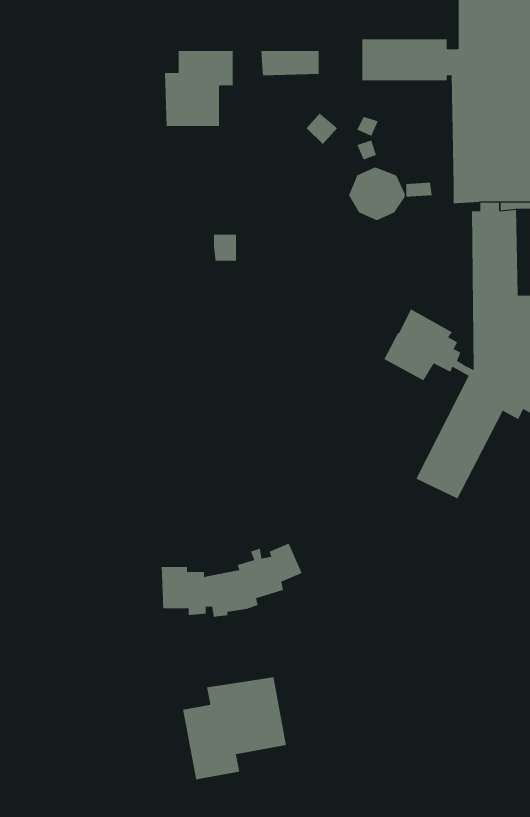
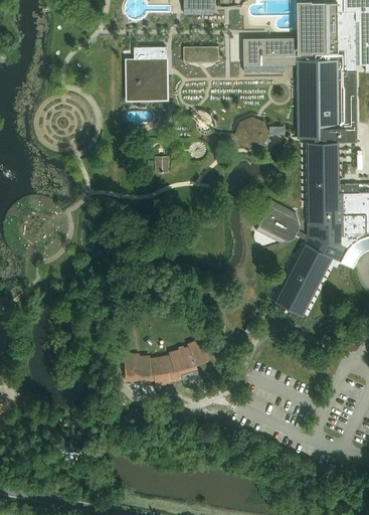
building: [183,677,287,780] -> none

